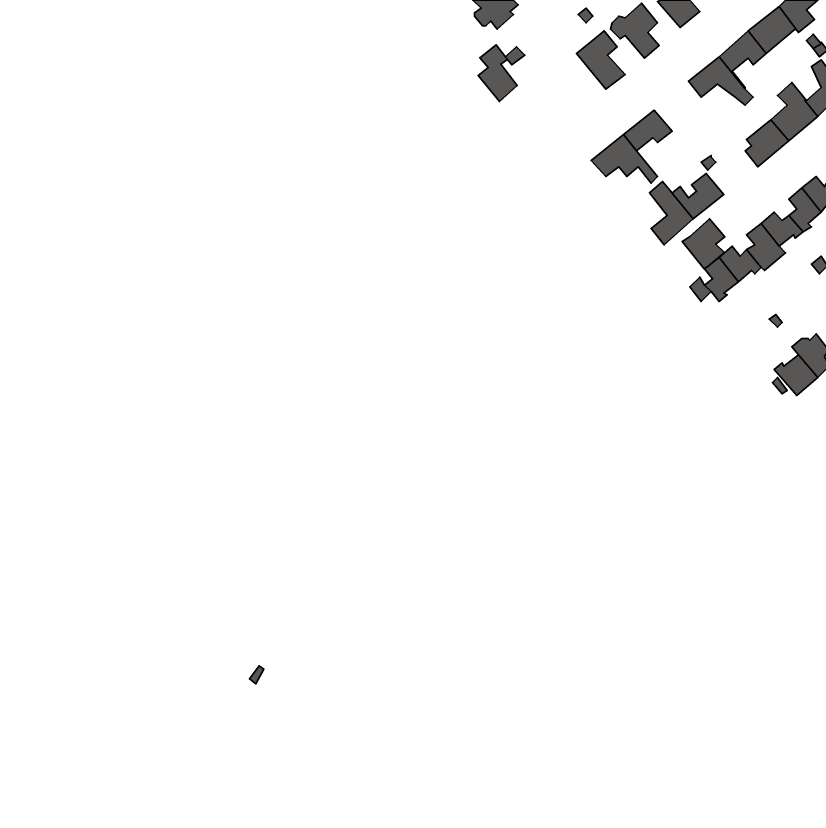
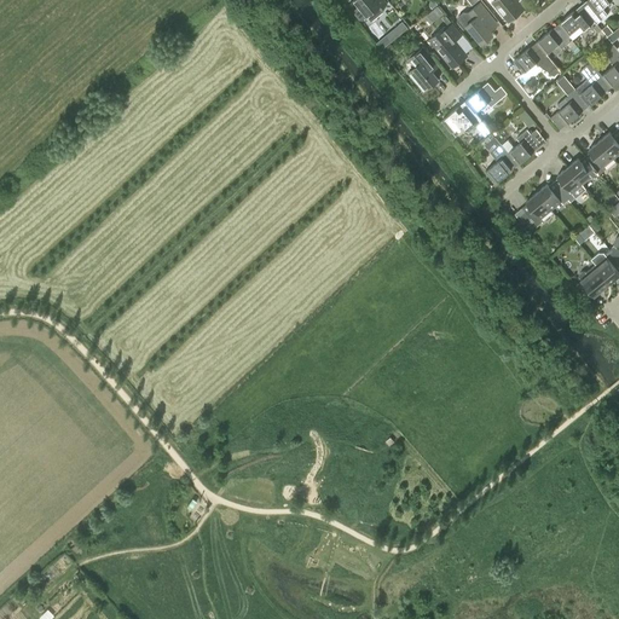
building: [478,45,517,102] -> [410,48,439,91]
building: [682,219,725,269] -> none

